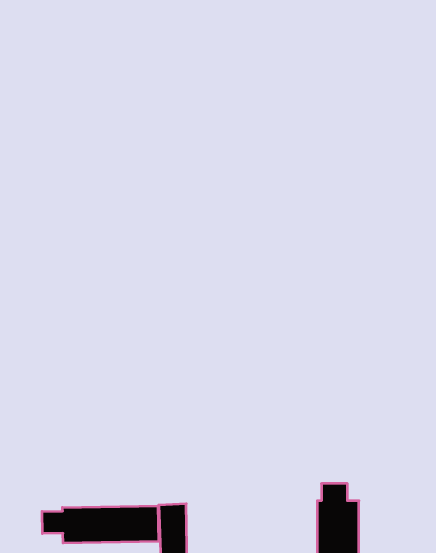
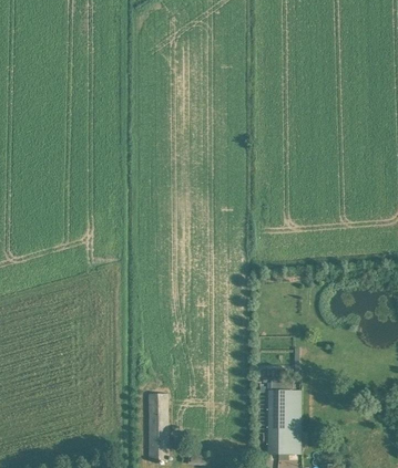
building: [42,506,159,543] -> none

